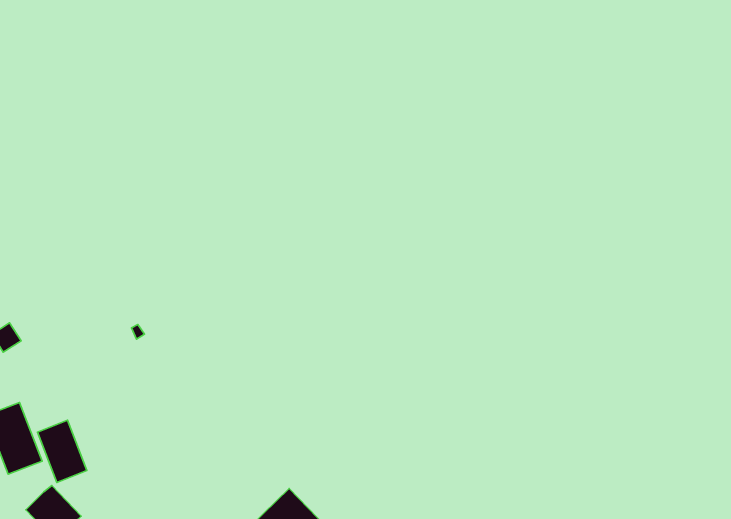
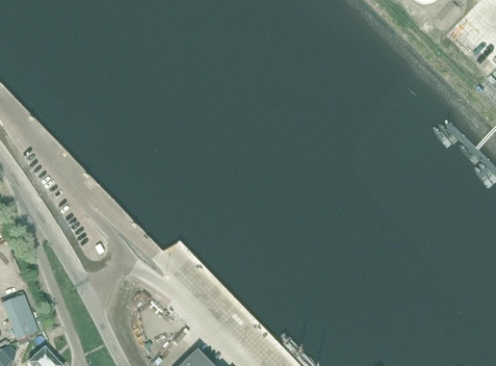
building: [37,420,87,482] -> none

